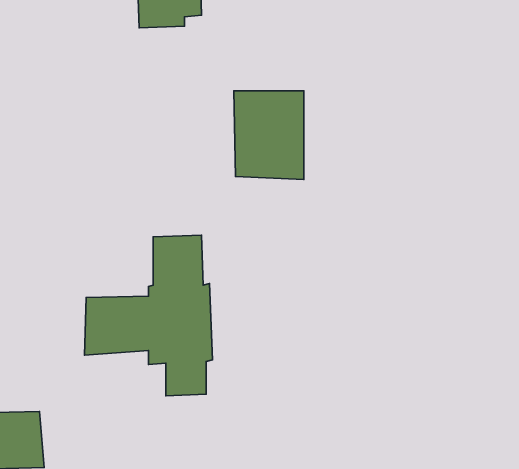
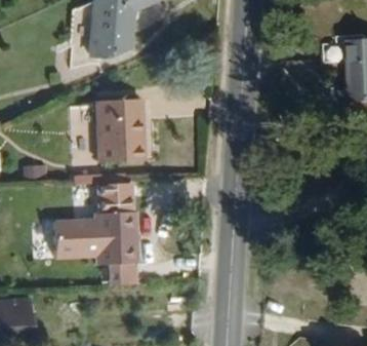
building: [234,91,304,180] -> [96,112,142,170]

